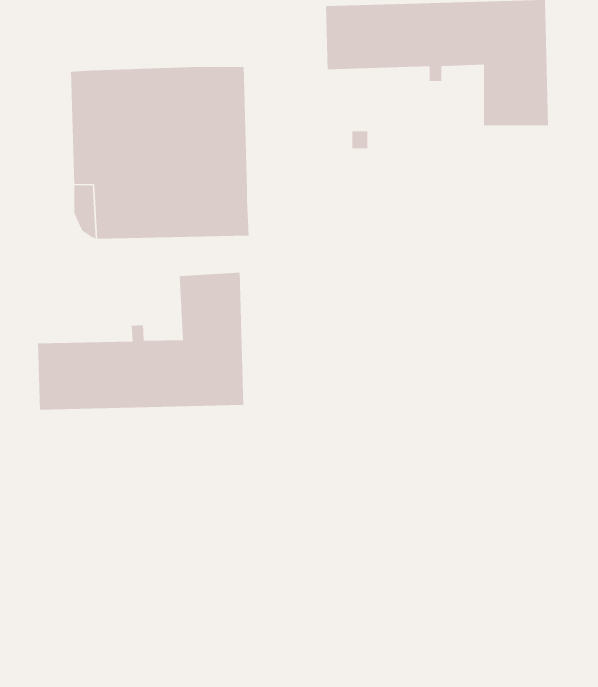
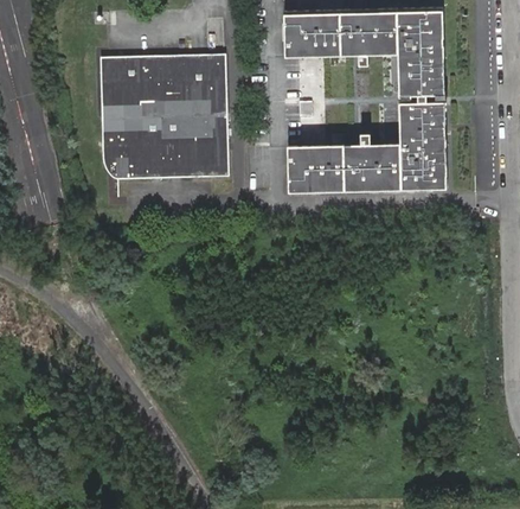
building: none -> [287,101,447,191]
building: [38,272,244,411] -> none

